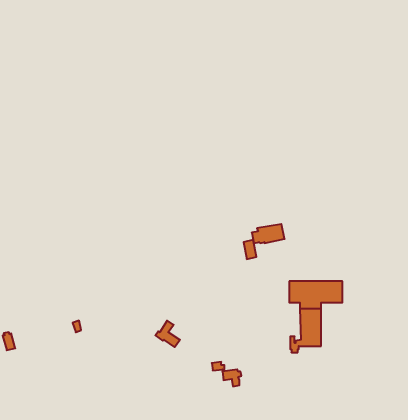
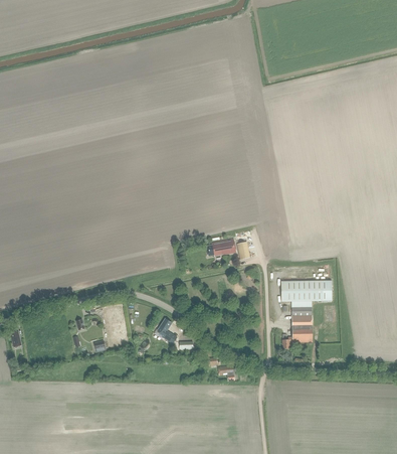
building: [252,224,285,243] -> [206,238,237,256]

